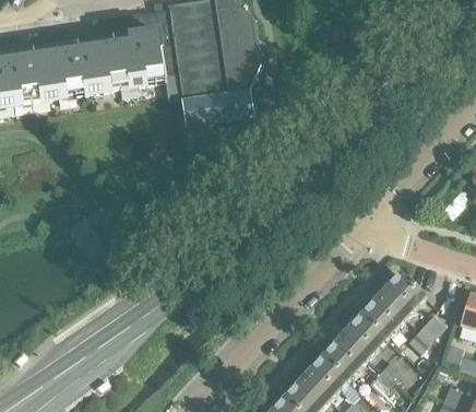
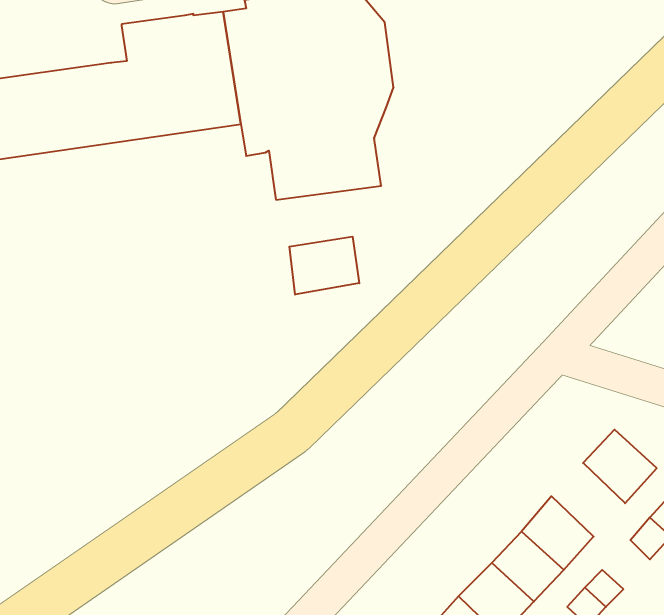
building: none -> [289,237,359,295]
building: [358,293,404,339] -> none

